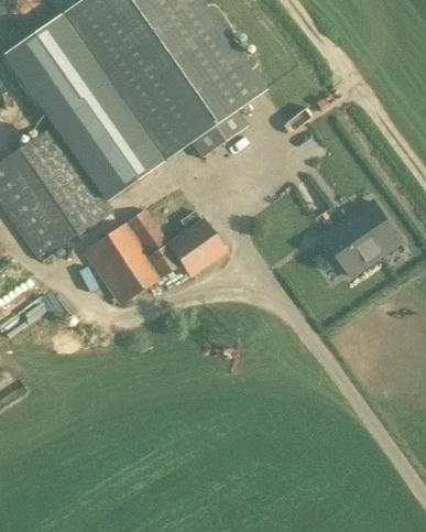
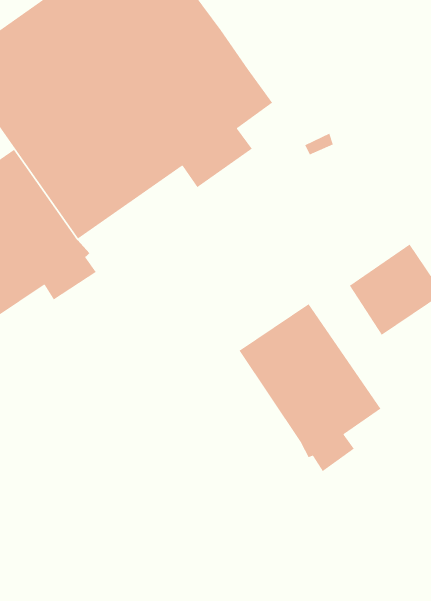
building: [85,209,227,304] -> none
building: none -> [239,303,381,472]

